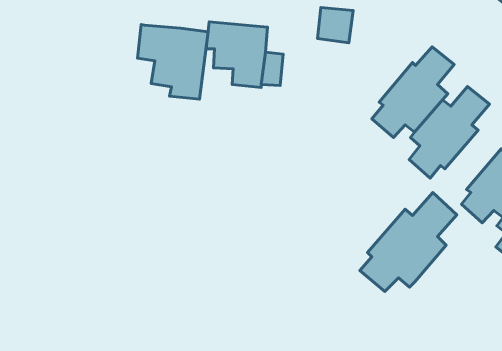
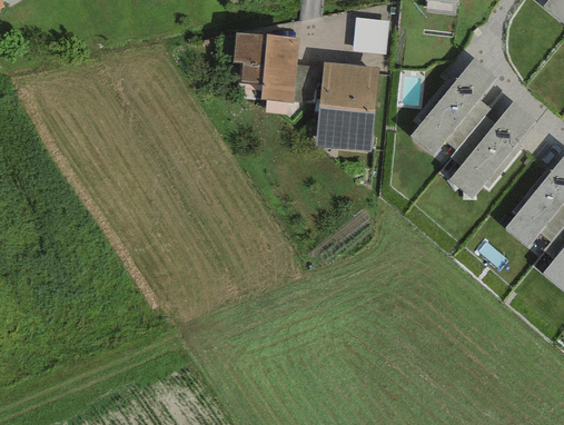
building: [138,24,208,99] -> none
building: none -> [315,61,378,151]
building: [360,192,457,292] -> none

